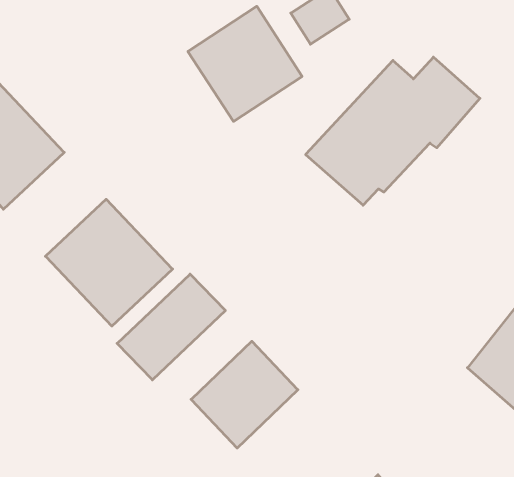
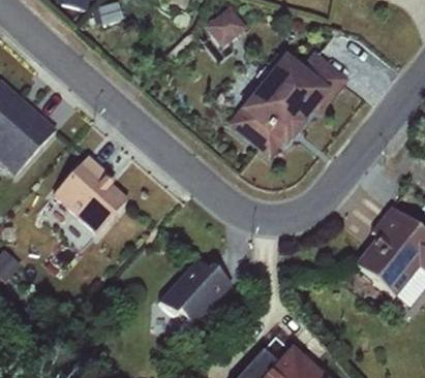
building: [188,6,302,121] -> none
building: [117,274,225,380] -> none

